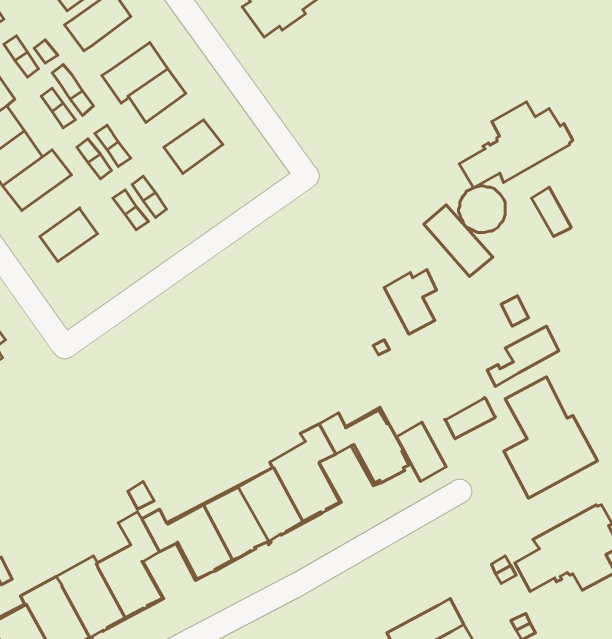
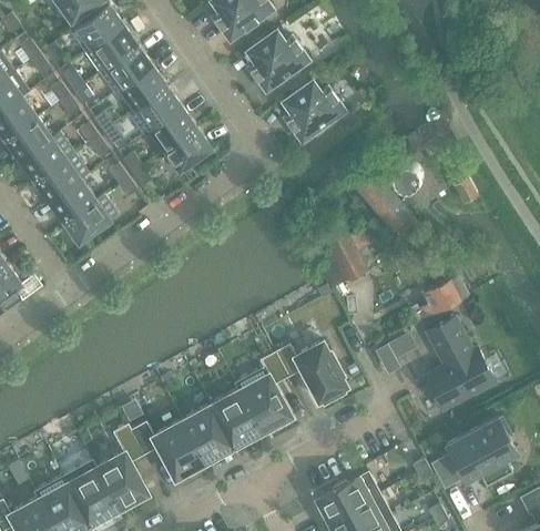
building: none -> [85,25,139,73]
building: none -> [247,30,309,93]
building: none -> [283,81,346,143]
building: none -> [135,88,182,131]
building: [459,102,573,188] -> none
building: none -> [165,129,212,173]
building: none -> [35,153,90,203]
building: none -> [64,195,119,244]
building: [396,422,446,482] -> none
building: none -> [317,472,380,522]

